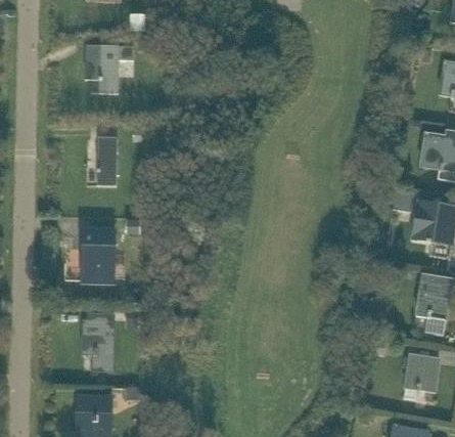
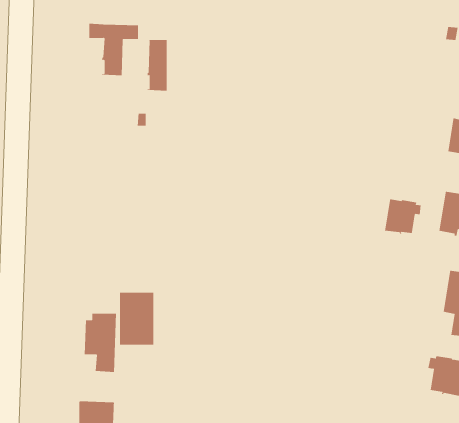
building: [96,138,116,186] -> [147,39,168,91]
building: none -> [385,194,421,235]
building: [81,230,113,279] -> [119,292,154,345]

